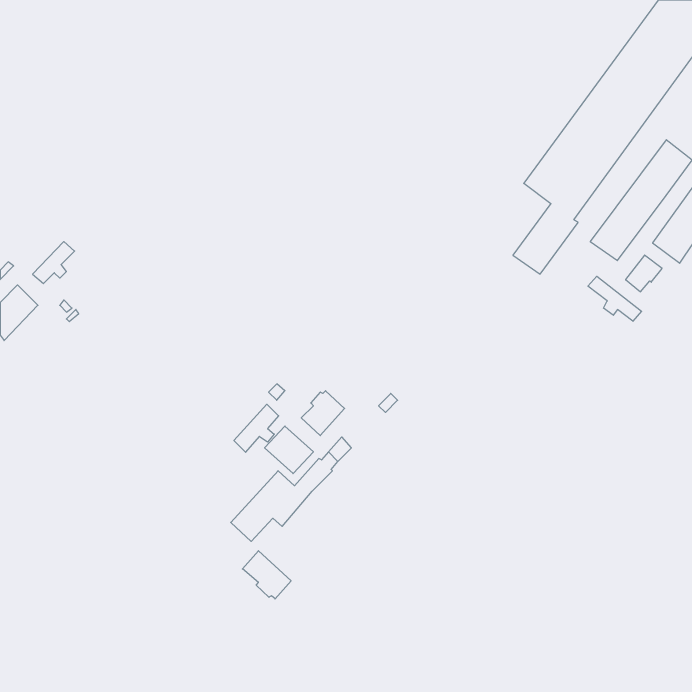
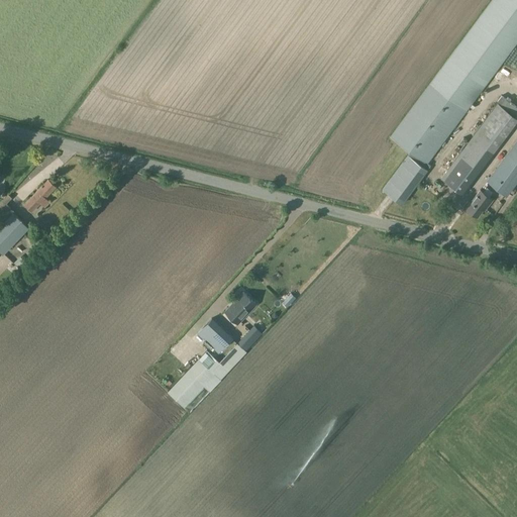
building: [588,276,642,321] -> none
building: [234,404,279,452] -> none
building: [242,551,291,599] -> none

